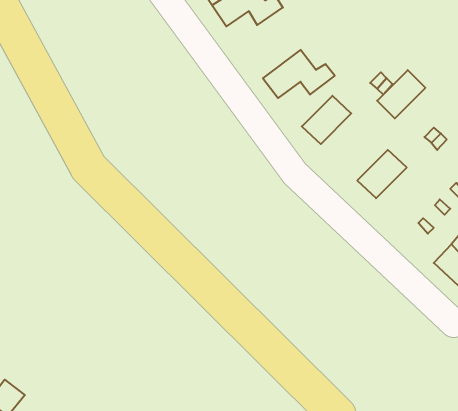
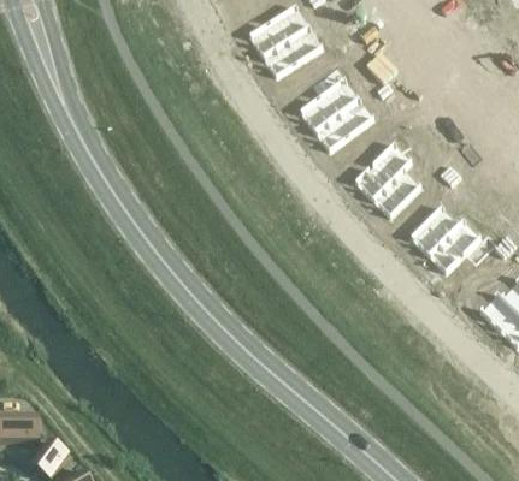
building: none -> [299,61,353,130]
building: [377,70,425,118] -> [373,166,423,215]
building: none -> [430,221,479,271]

